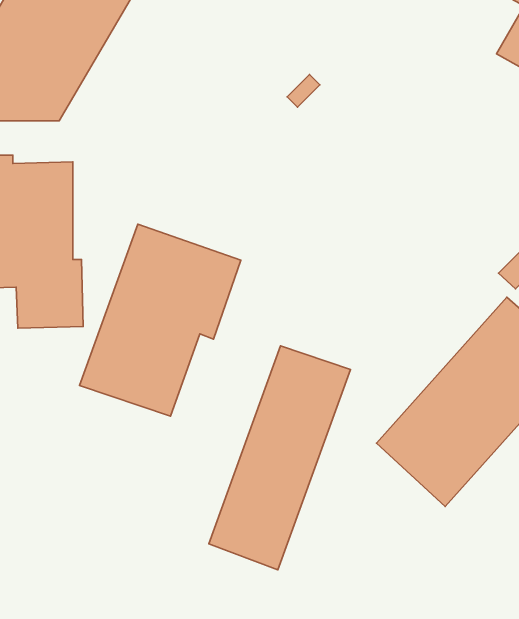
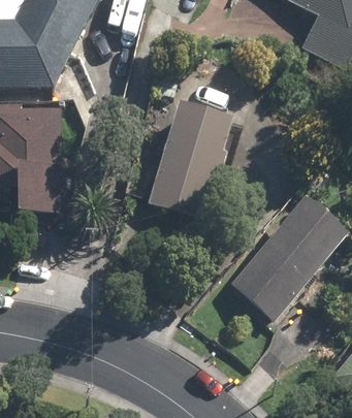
building: [80,224,241,416] -> [149,106,246,222]
building: [209,346,350,570] -> none

